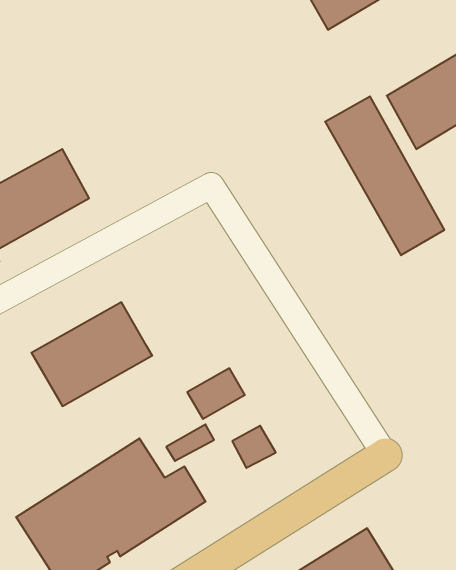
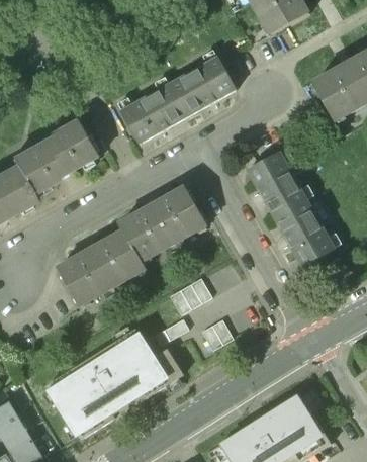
building: none -> [120,57,236,144]
building: [325,96,444,255] -> [248,153,334,267]
building: none -> [119,189,206,263]

